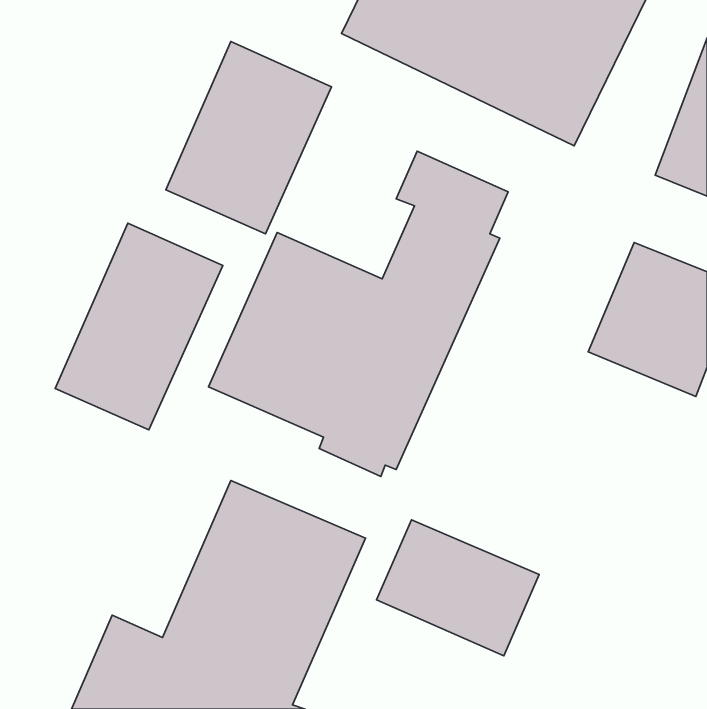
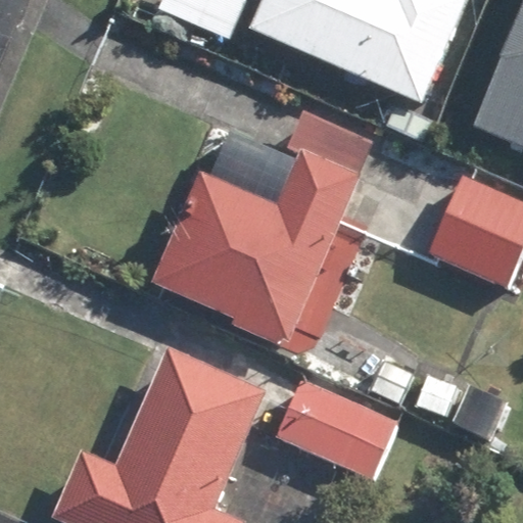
building: [166,42,332,234] -> none
building: [55,223,223,430] -> none

